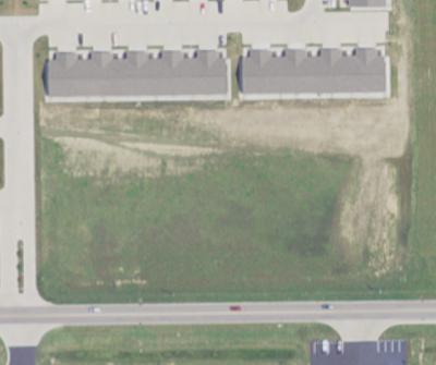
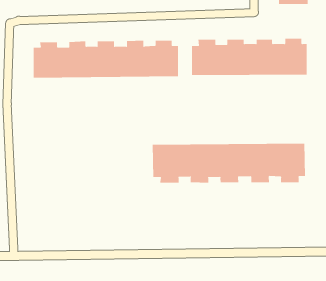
building: none -> [152,143,306,184]

